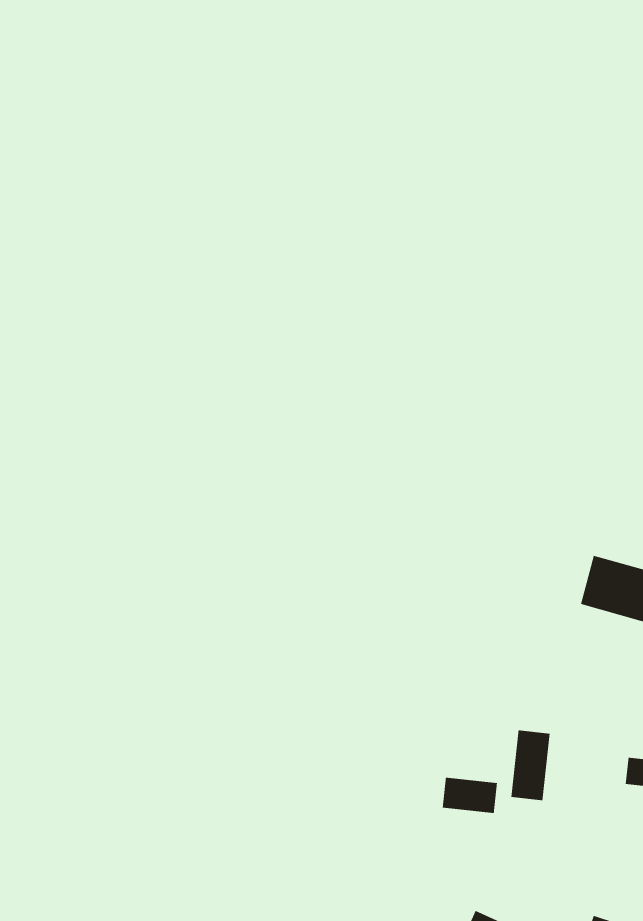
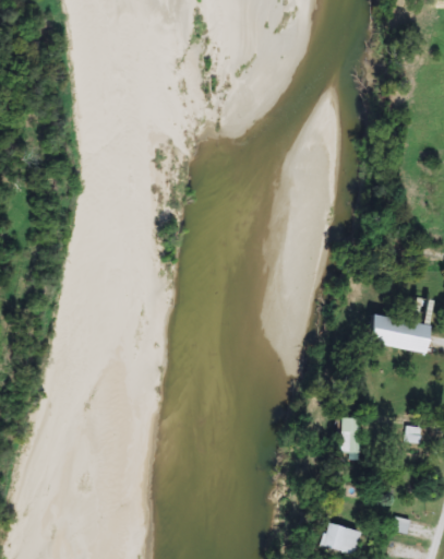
building: [442,777,497,814] -> none

